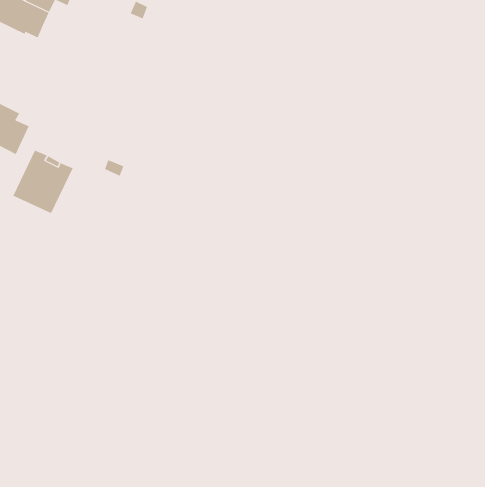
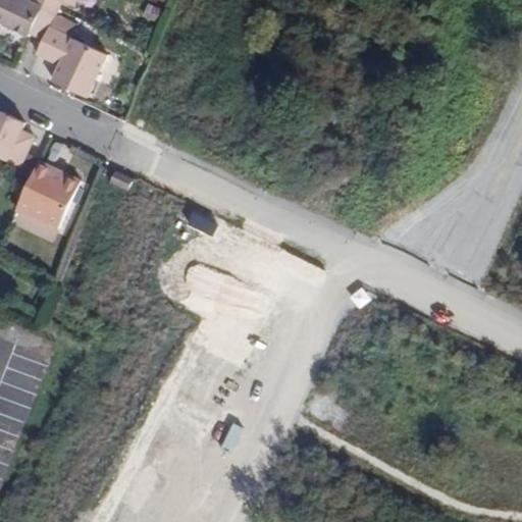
building: none -> [34,27,107,98]

